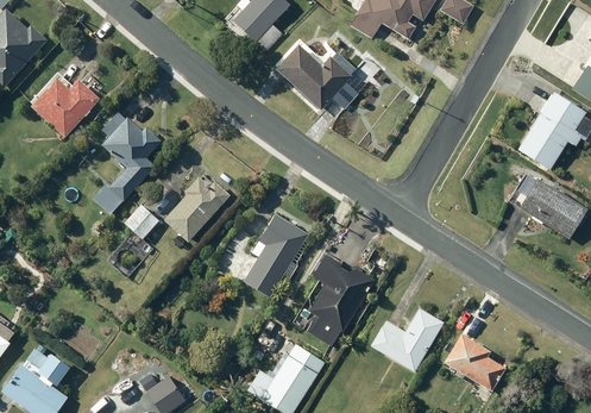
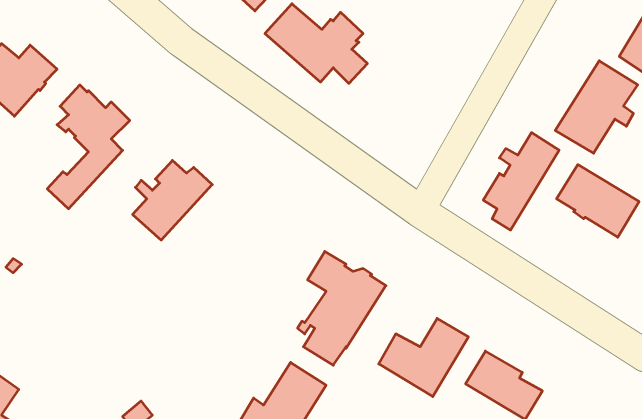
building: none -> [483,133,559,230]
building: [124,205,159,240] -> none
building: [241,213,307,298] -> none

